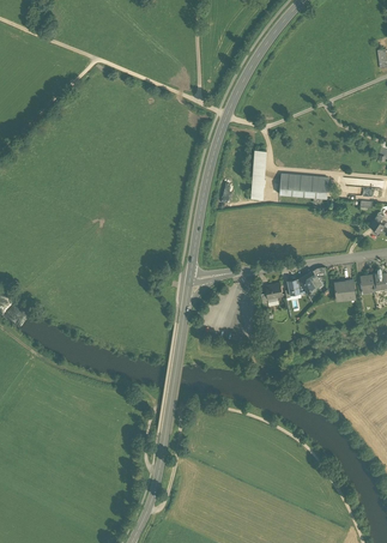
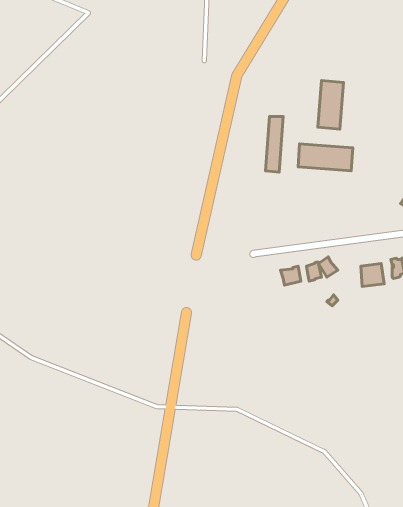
building: none -> [318,80,344,129]

